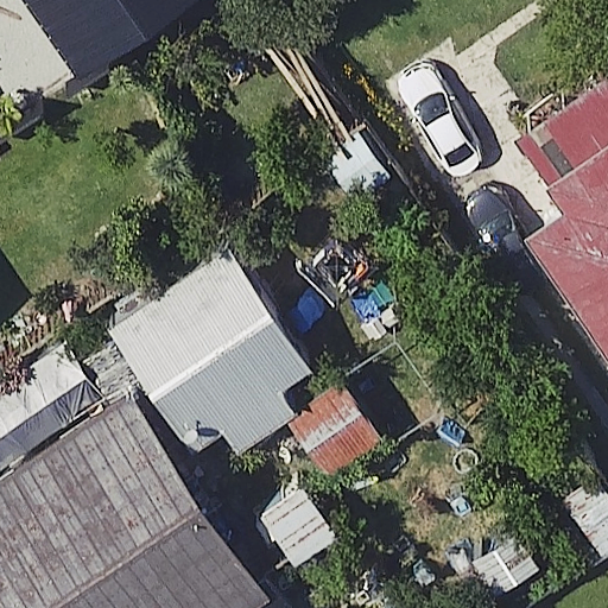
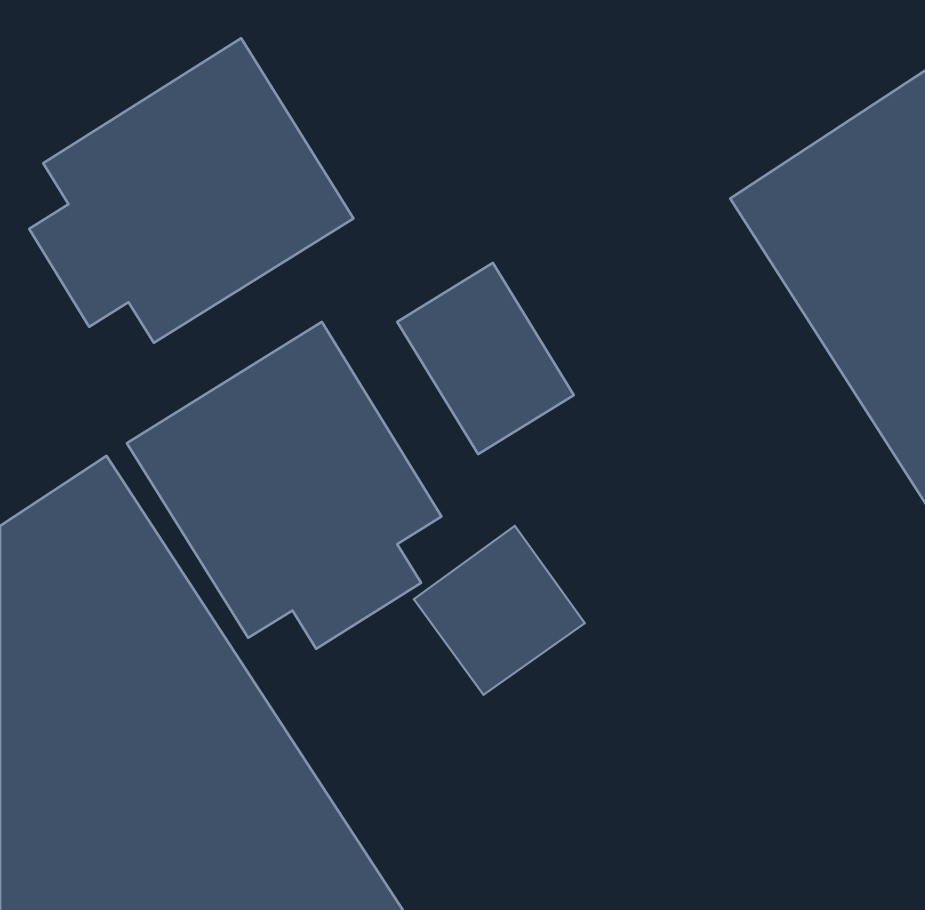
building: none -> [29,38,354,343]

